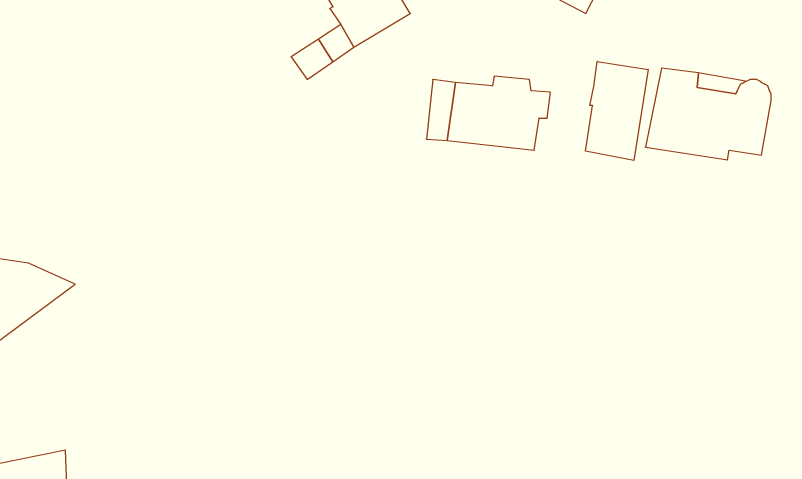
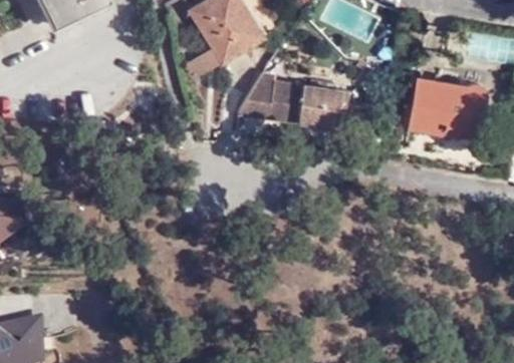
building: [585,61,648,160] -> none
building: none -> [237,74,272,119]

